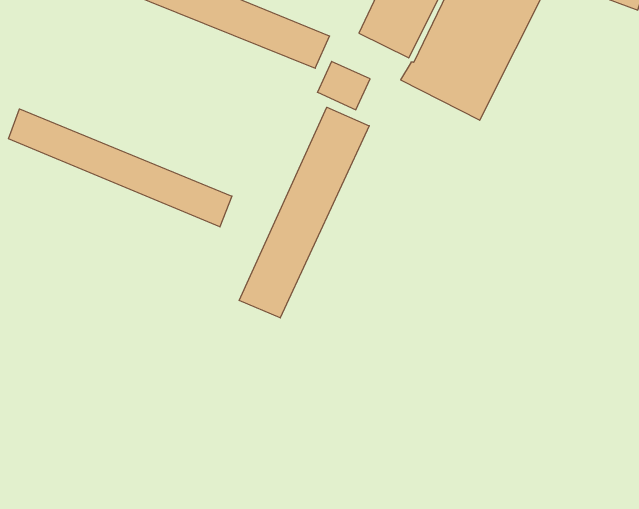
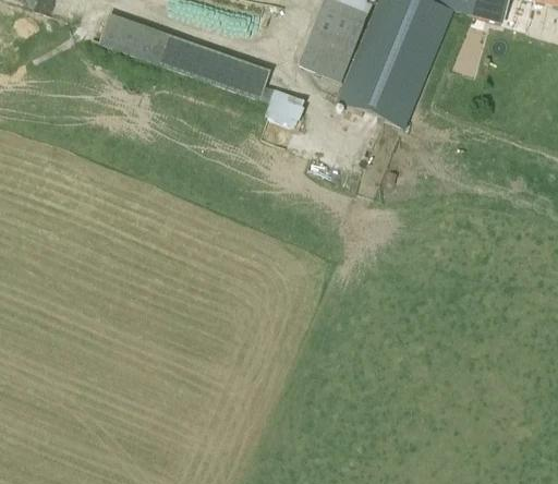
building: [239,107,369,318] -> none
building: [8,109,232,227] -> none

